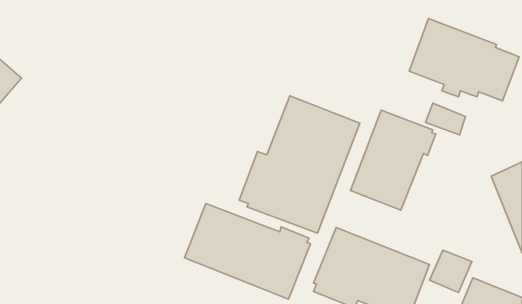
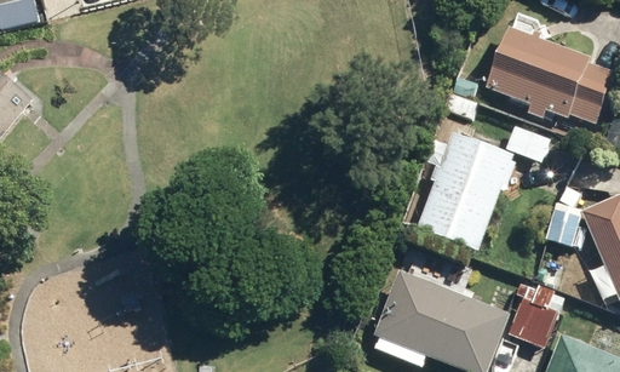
building: [239,96,360,233] -> none
building: [185,203,311,299] -> none

